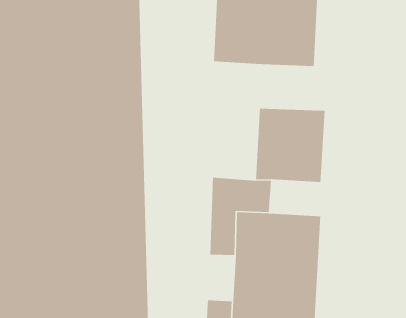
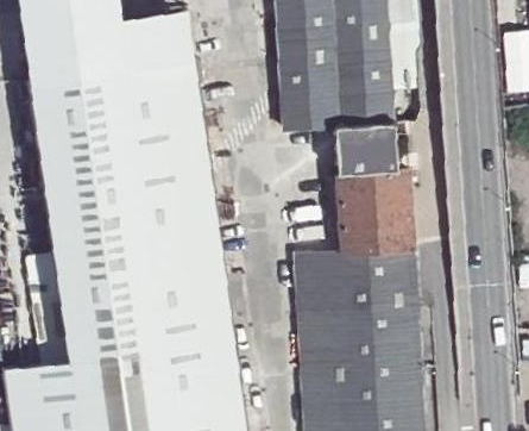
building: none -> [336,123,397,173]
building: none -> [360,246,417,285]
building: none -> [302,335,332,385]

